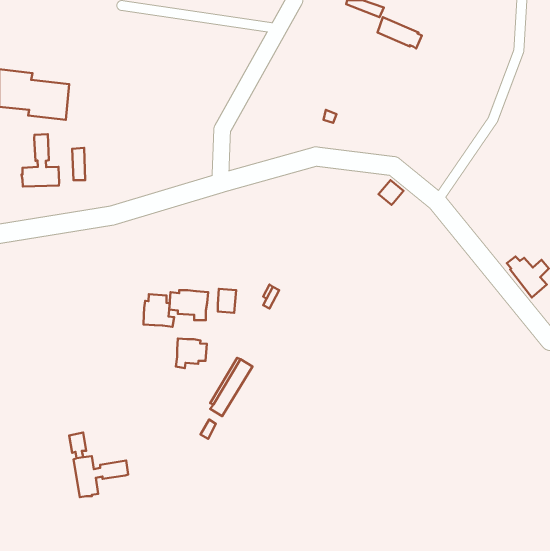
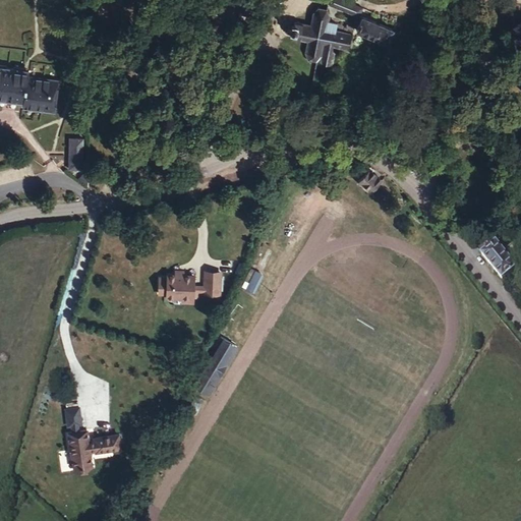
building: none -> [283,9,352,67]
building: [22,134,59,186] -> none
building: [143,294,174,327] -> none
building: [176,339,207,368] -> none

